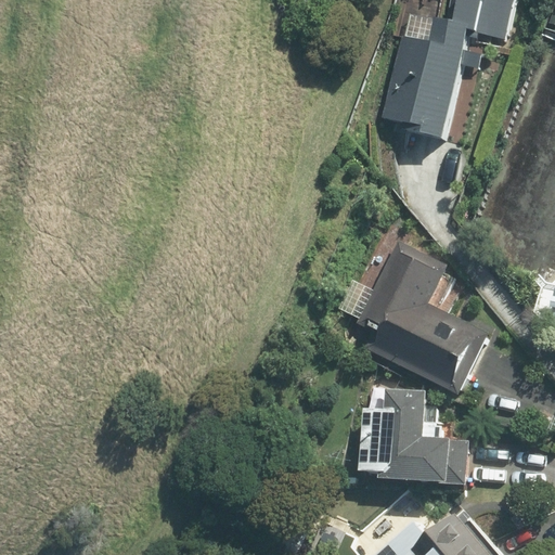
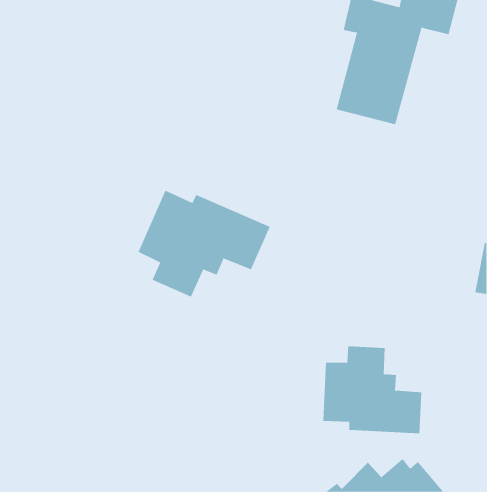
building: none -> [138,190,271,297]
building: [332,241,493,395] -> none

